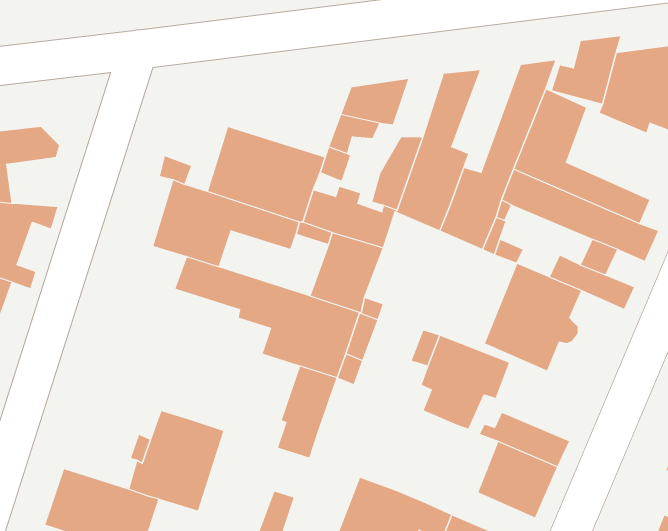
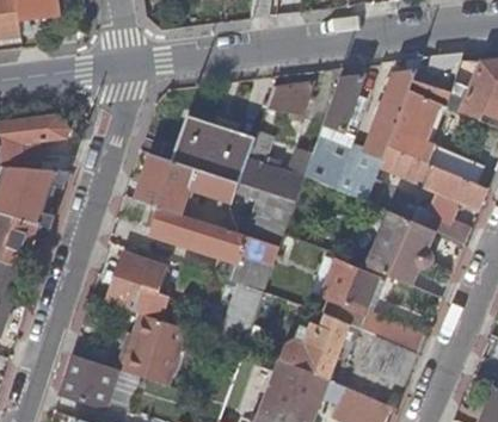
building: none -> [109,253,167,319]
building: none -> [279,314,349,379]

